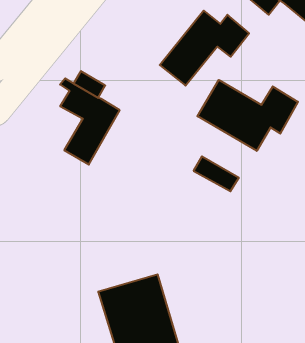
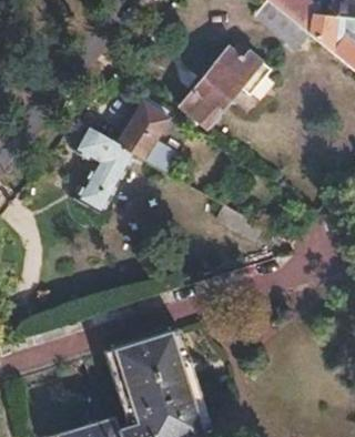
building: none -> [116,95,176,173]
building: [197,80,298,151] -> none

